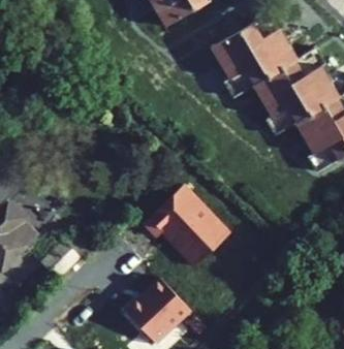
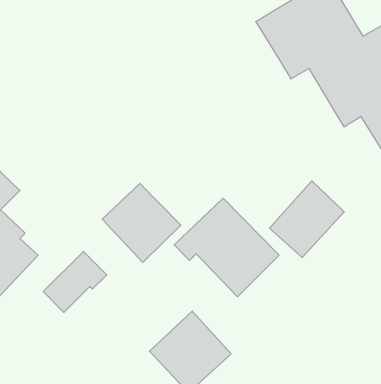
building: none -> [269,181,344,258]
building: none -> [102,183,181,262]

